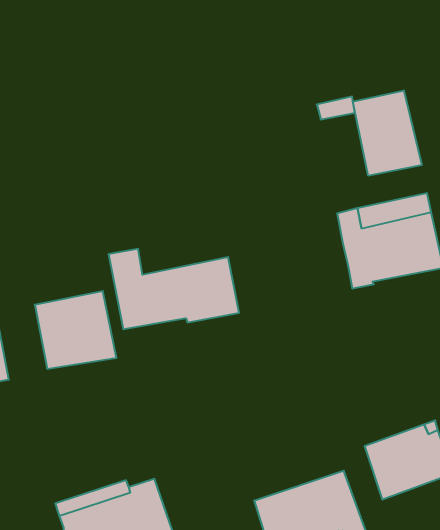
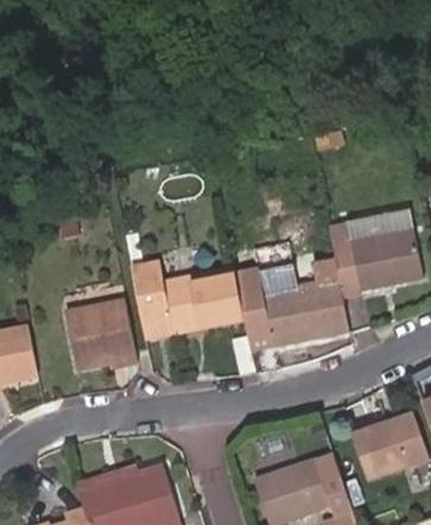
building: [353,90,422,176] -> none
building: none -> [234,258,349,350]

